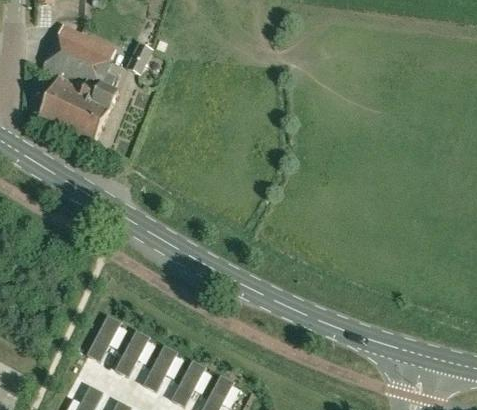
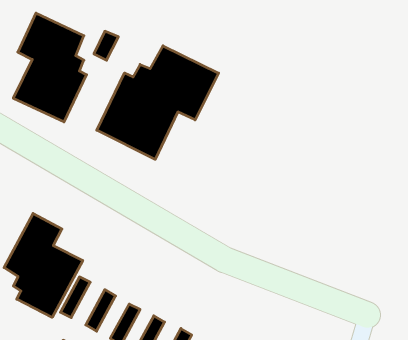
building: none -> [97,46,219,159]
building: none -> [4,213,83,317]

